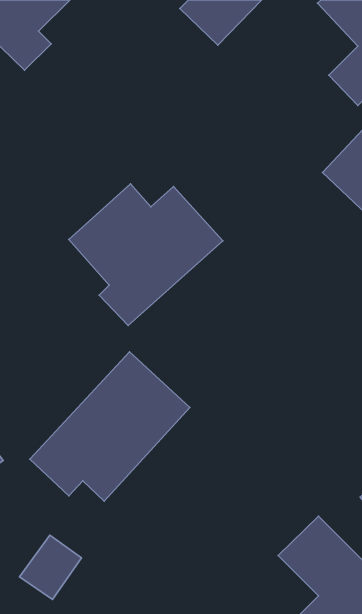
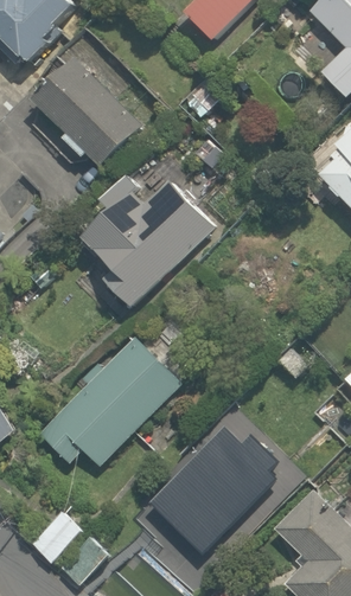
building: none -> [28,36,143,161]
building: none -> [146,409,289,550]

